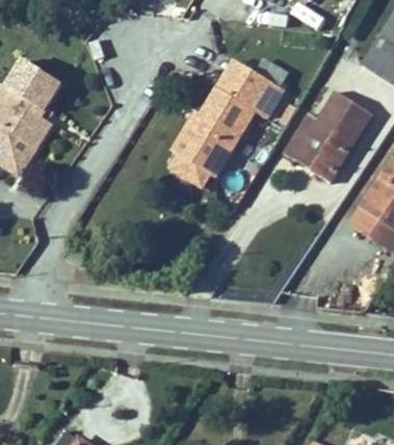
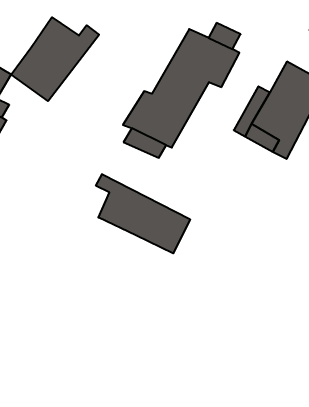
building: none -> [11,17,99,101]
building: none -> [96,174,190,253]

